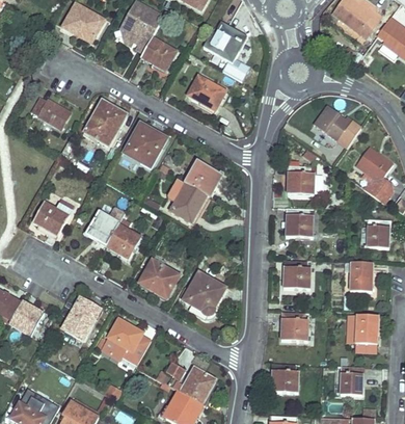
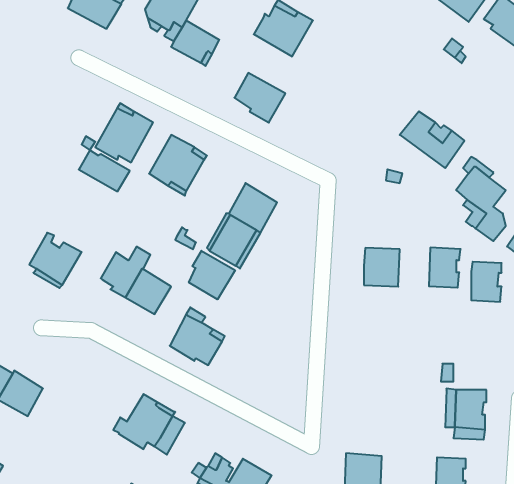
building: [31,97,70,128] -> [79,150,130,191]
building: [287,164,315,195] -> none
building: none -> [189,251,235,299]
building: [282,259,310,289] -> none
building: [349,262,373,292] -> [429,248,461,288]
building: [180,272,226,315] -> none
building: [63,297,101,339] -> none
building: [280,311,308,341] -> none

